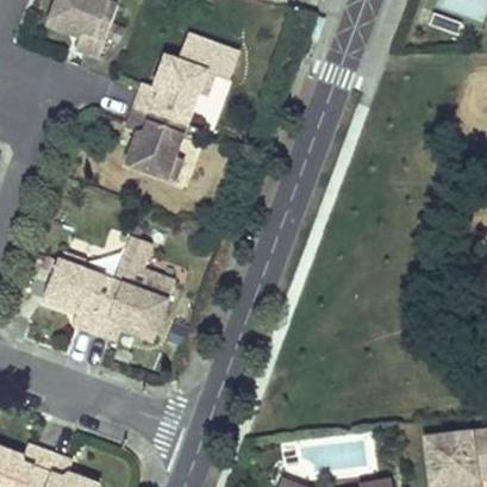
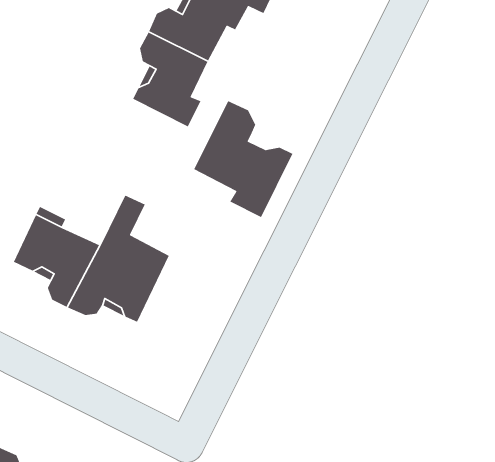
building: none -> [193,100,293,218]

